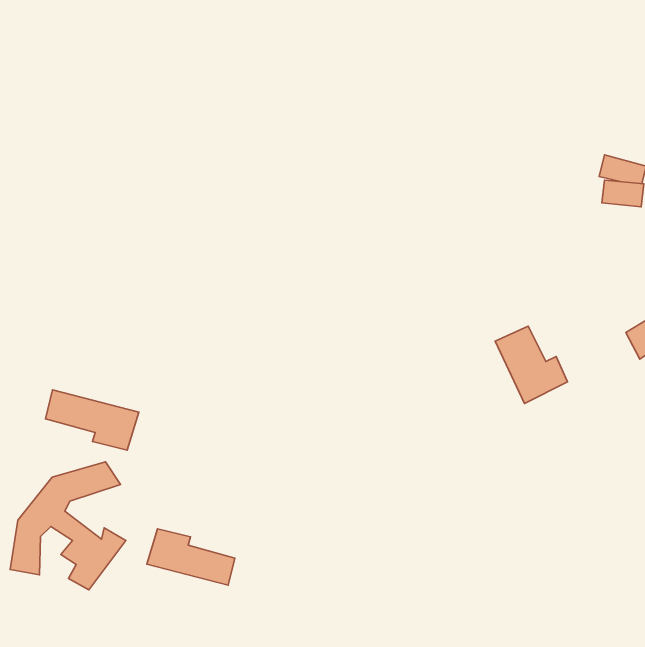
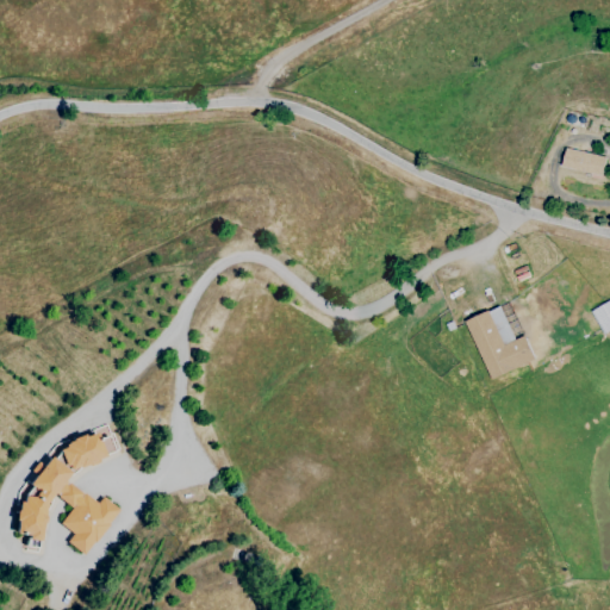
building: [45,390,139,450] -> none
building: [147,529,235,585] -> none

